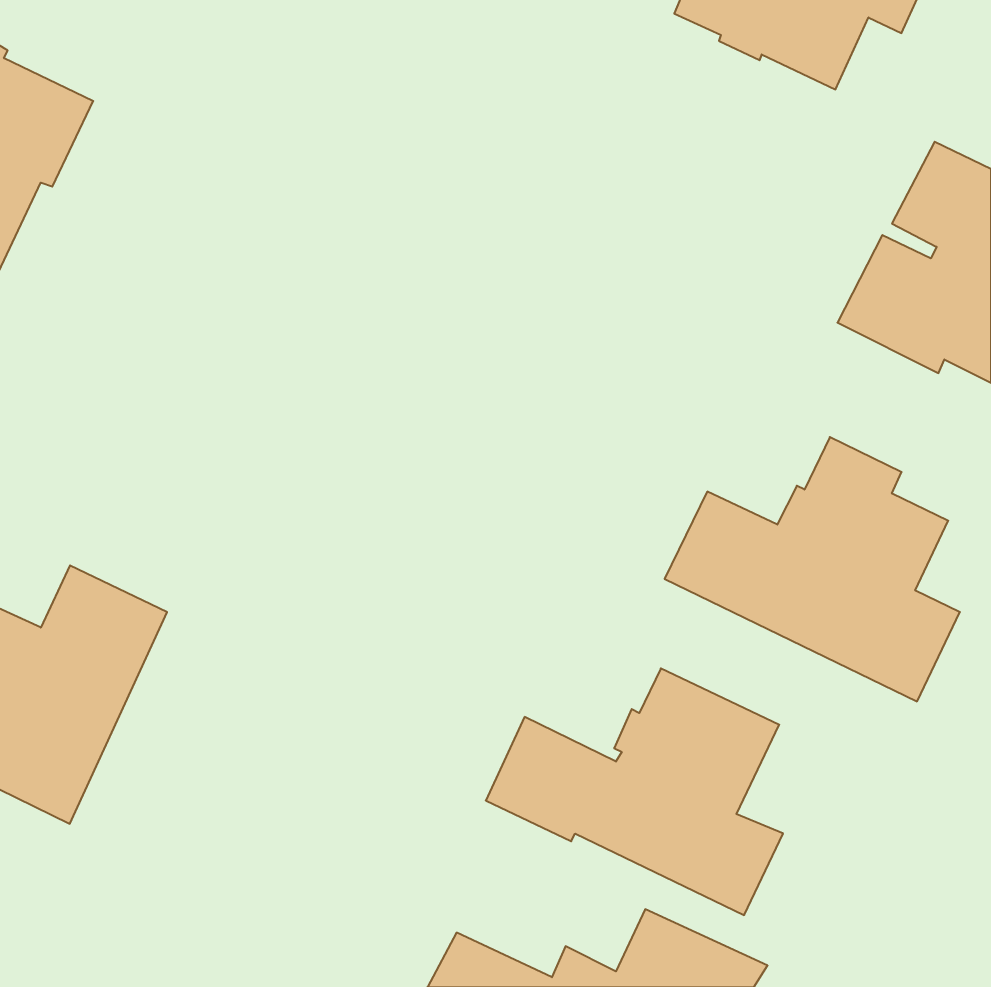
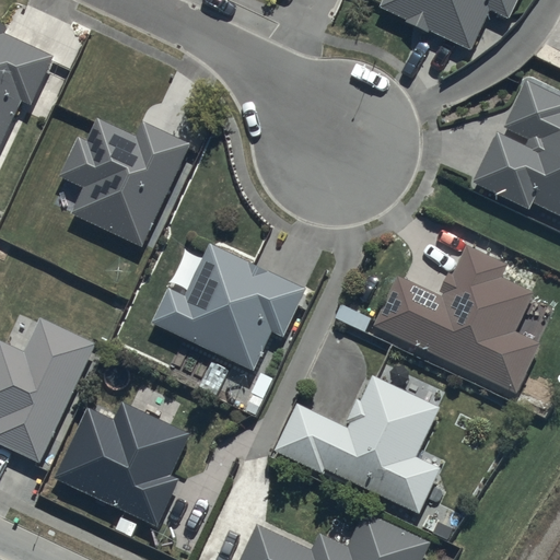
building: none -> [60,118,190,246]
building: none -> [151,244,306,371]
building: none -> [52,401,189,525]

